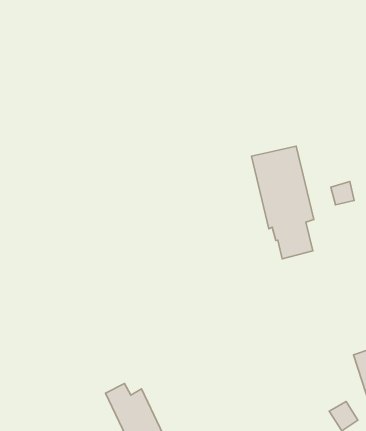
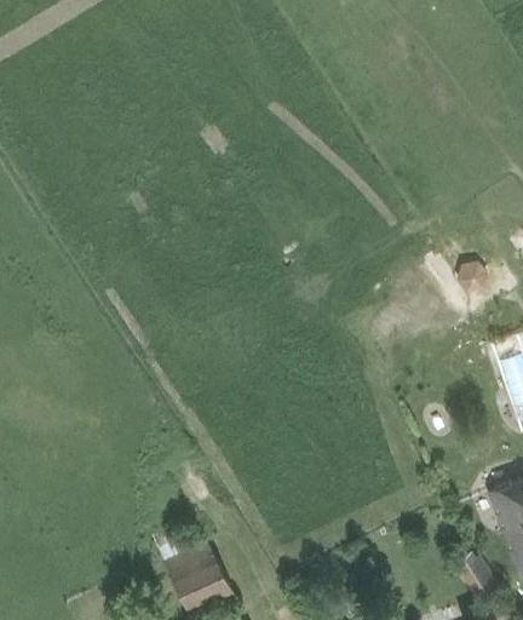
building: [252,146,314,259] -> none

